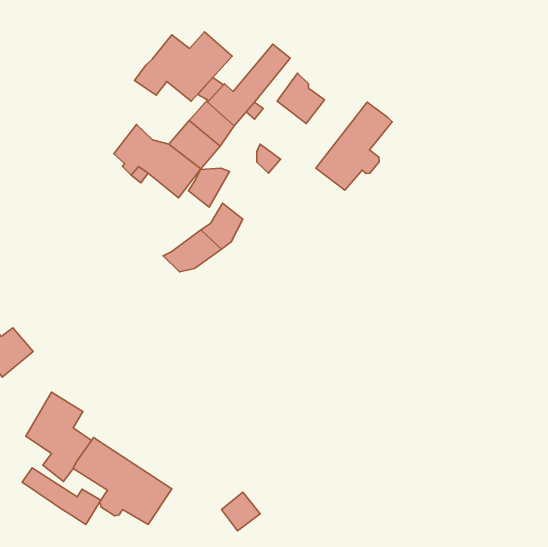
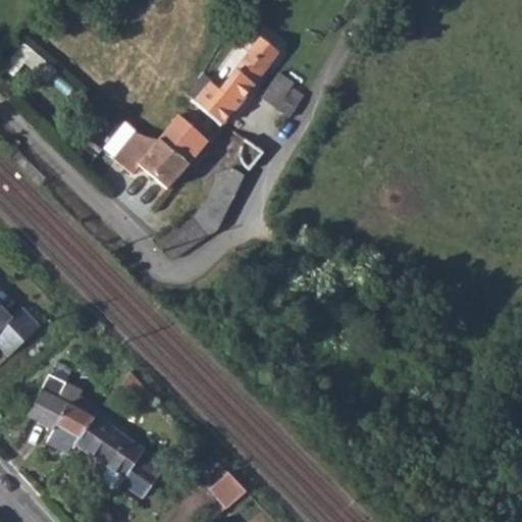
building: [134,32,232,101] -> none
building: [316,102,392,190] -> none
building: [189,168,229,207] -> [211,171,250,208]
building: [22,468,101,524] -> none

